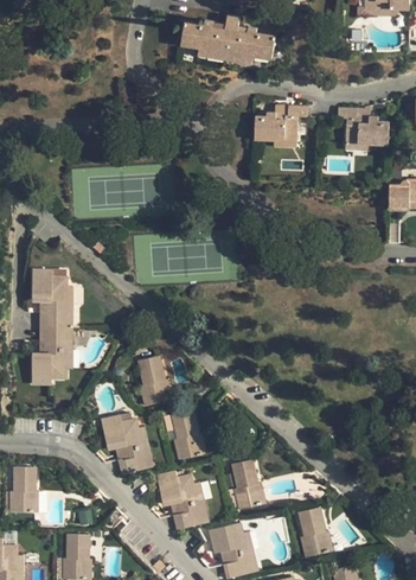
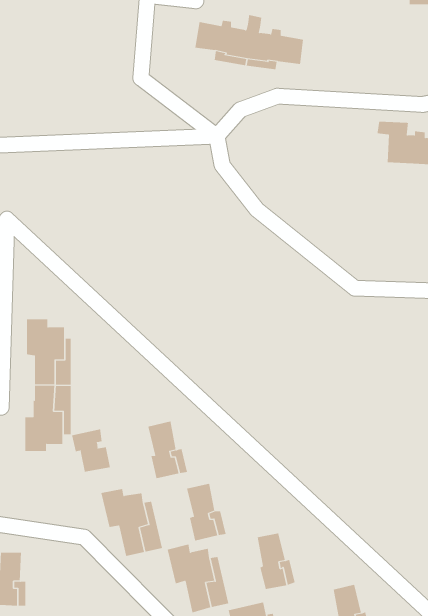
building: [254,104,306,140] -> none
building: none -> [72,429,110,473]

